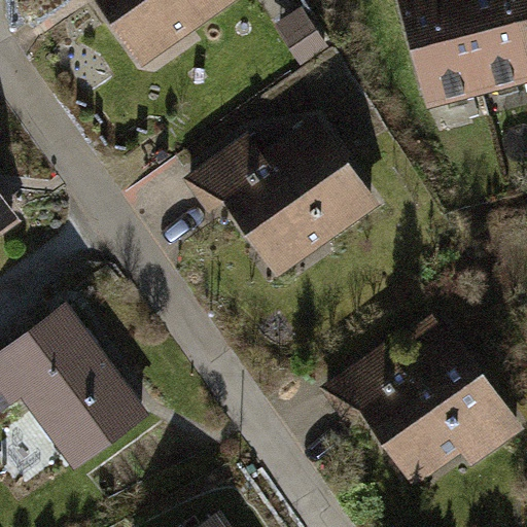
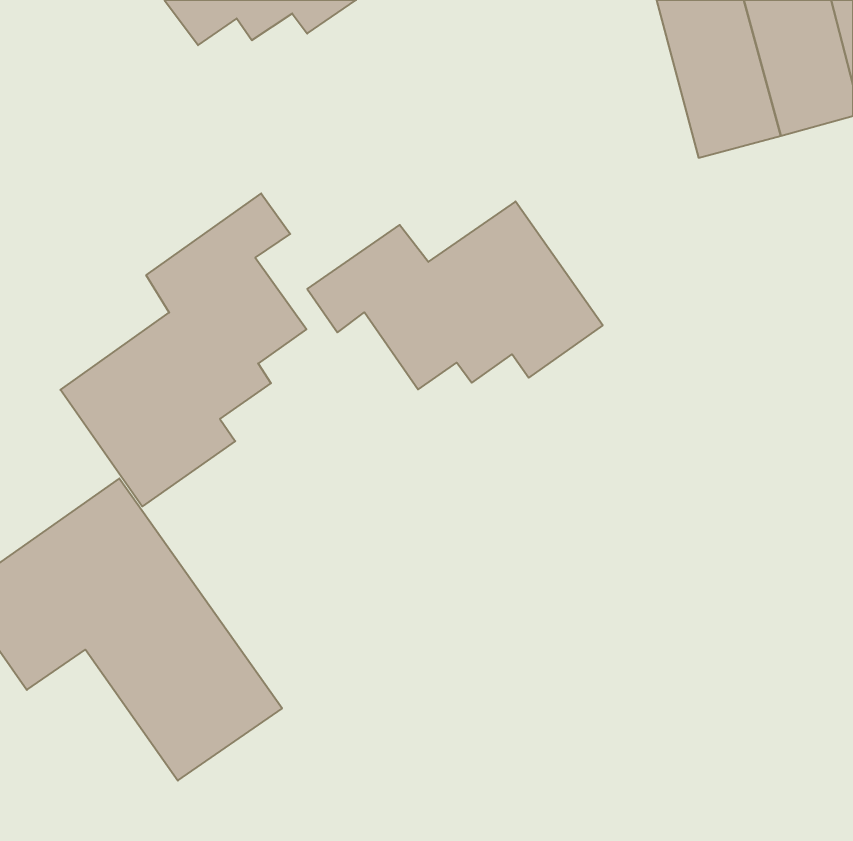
building: none -> [60,193,306,506]
building: [326,327,516,466] -> none

